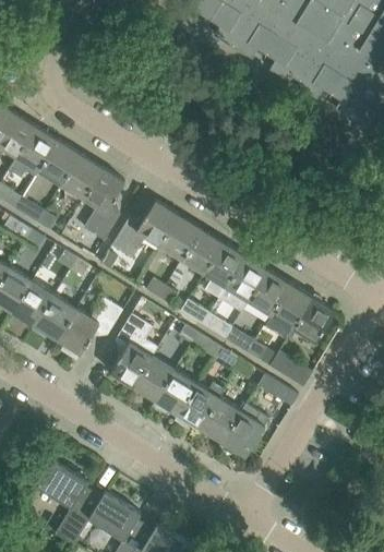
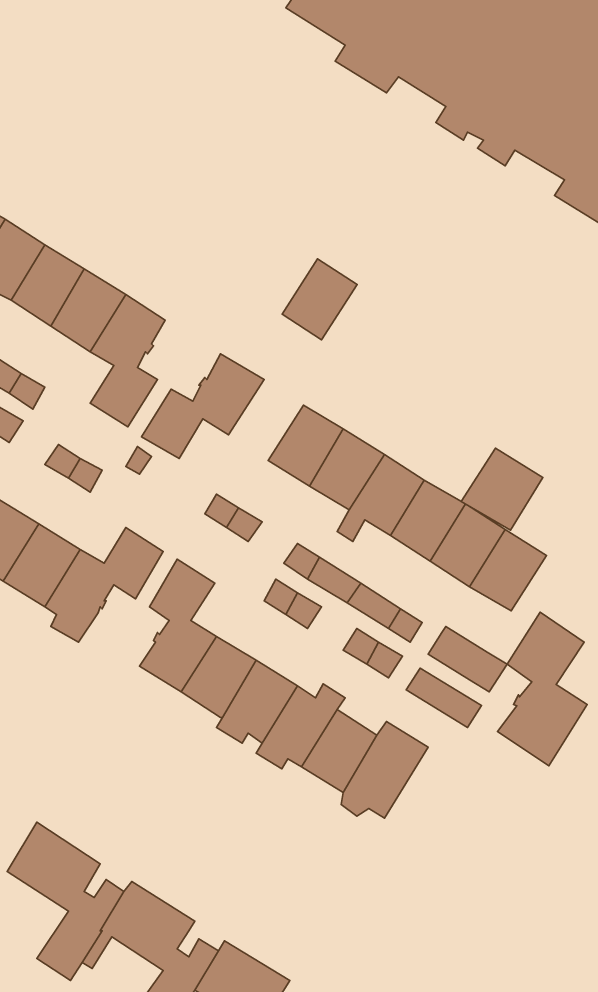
building: [159,214,201,259] -> [282,259,357,340]
building: none -> [461,448,543,530]
building: none -> [497,612,587,766]

